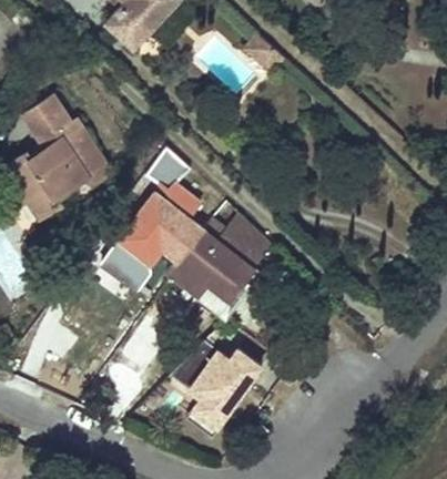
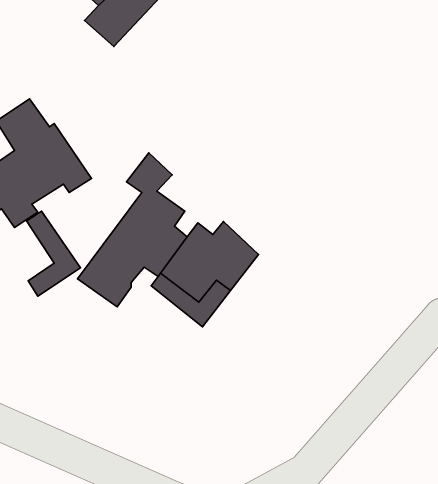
building: none -> [27,211,80,296]
building: [172,332,263,428] -> none

